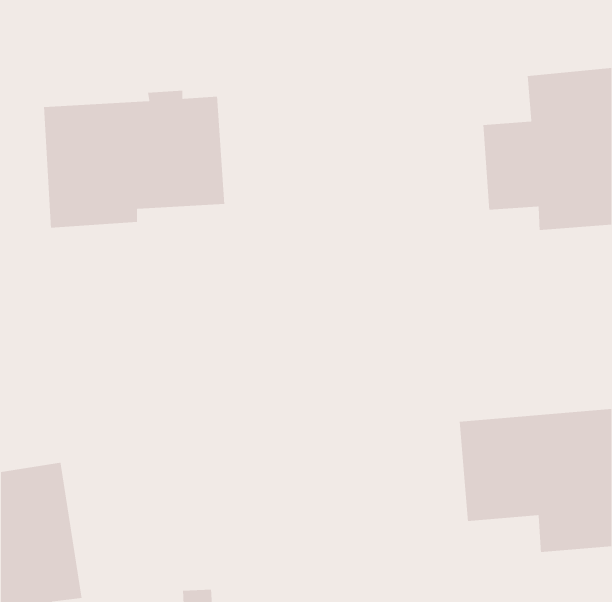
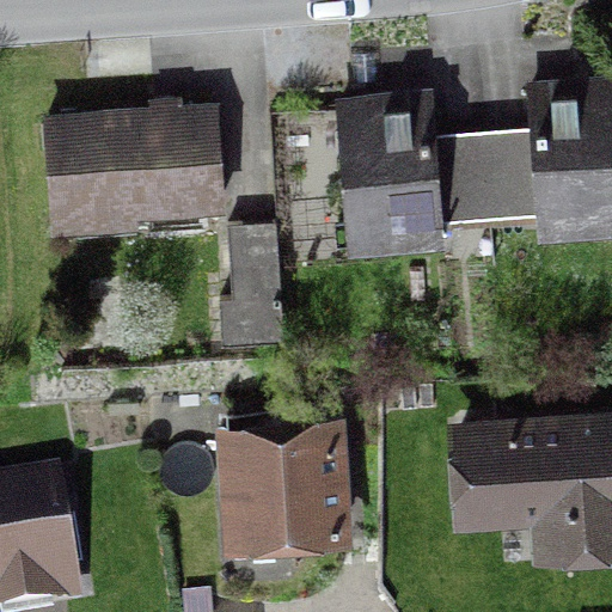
building: none -> [336,93,488,256]
building: none -> [213,225,282,348]
building: none -> [221,424,344,549]

